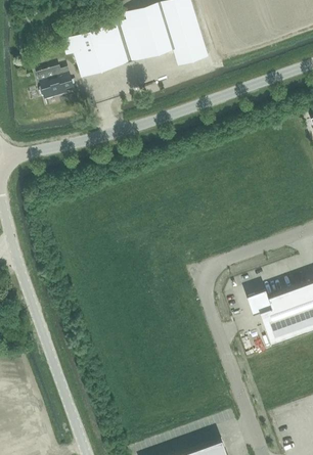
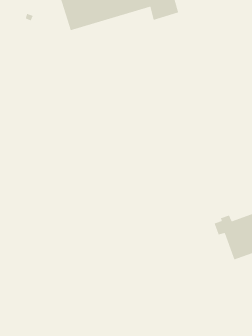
building: [36,67,73,100] -> none

